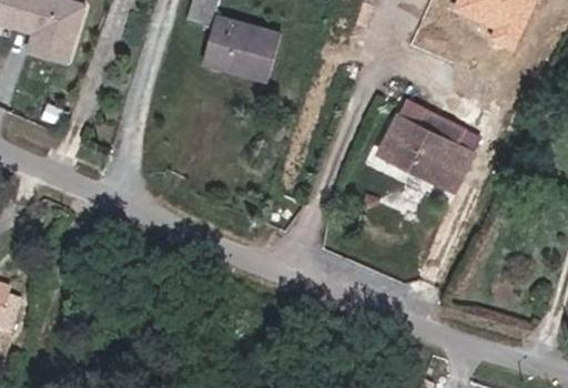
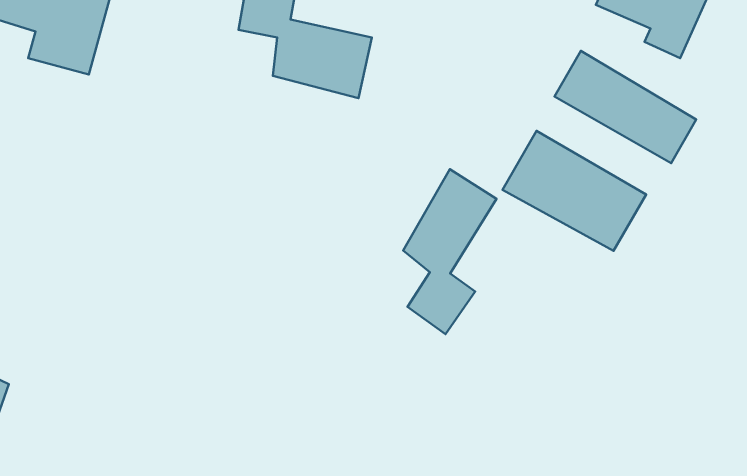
building: none -> [555,51,696,163]
building: none -> [403,169,496,334]

